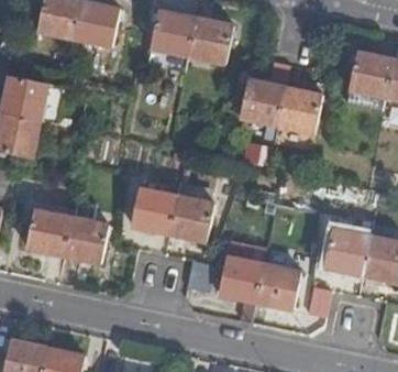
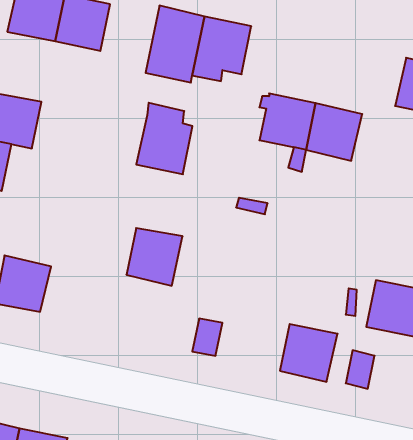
building: [168,184,213,241] -> [136,103,192,174]
building: [63,218,109,262] -> none
building: [219,255,263,302] -> none

